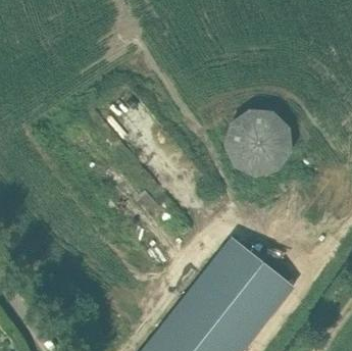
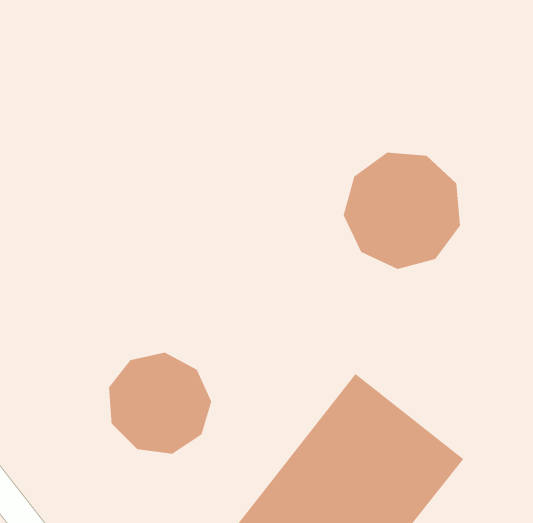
building: none -> [108,352,212,455]

